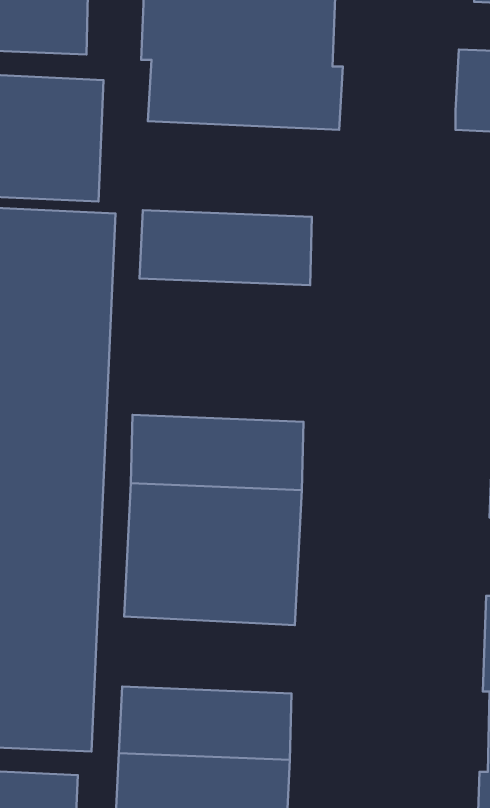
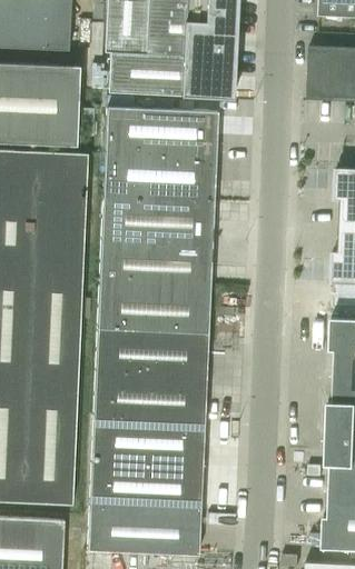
building: none -> [106,107,218,156]
building: none -> [99,196,215,289]
building: none -> [92,416,205,466]

